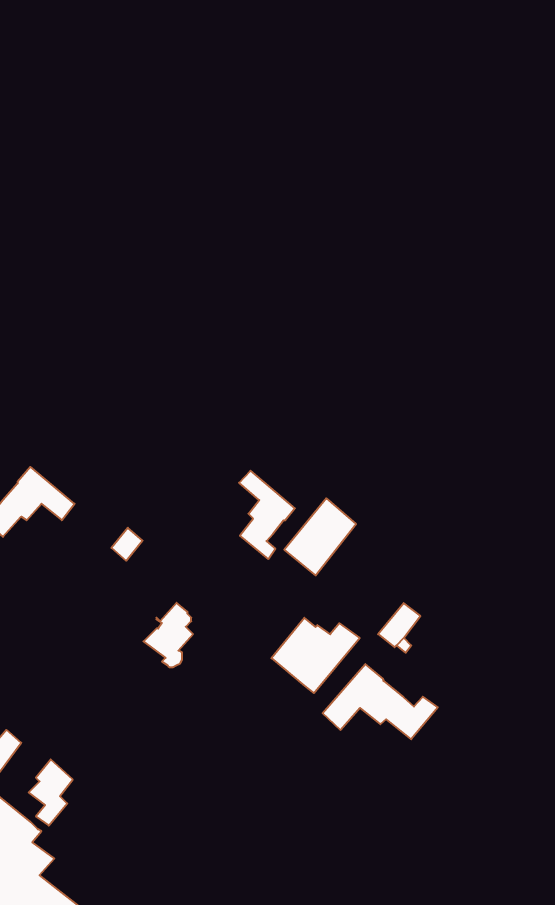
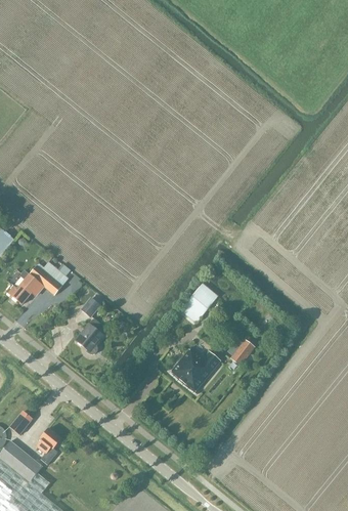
building: [239,471,295,559] -> none
building: [143,603,193,667] -> [75,320,102,355]
building: [323,664,438,739] -> none

